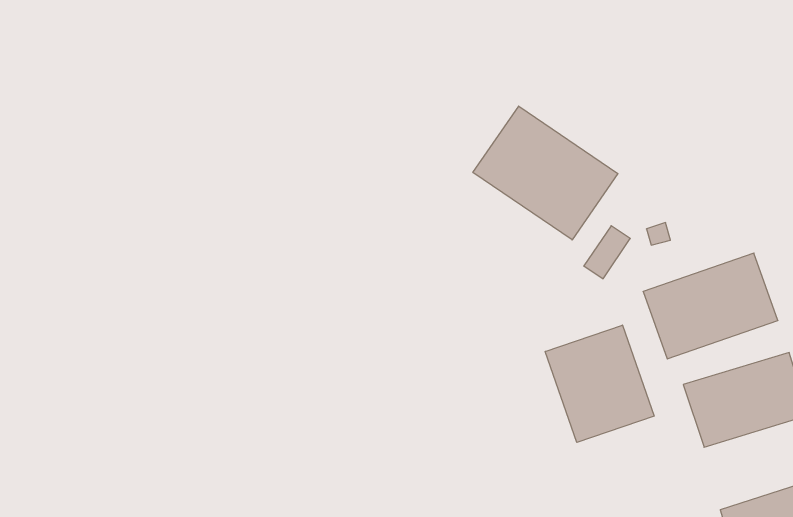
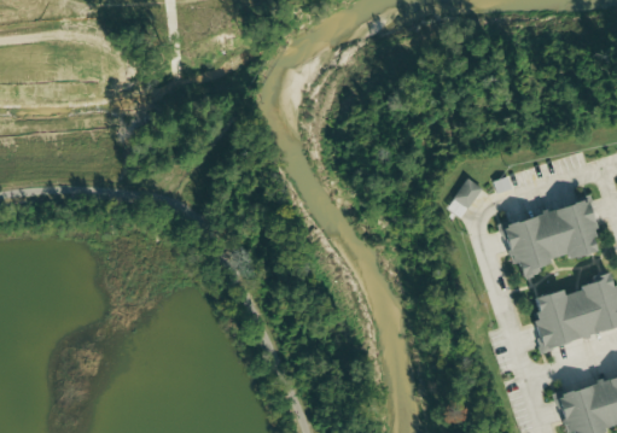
building: [473,106,618,240] -> none
building: [545,325,654,442] -> none

